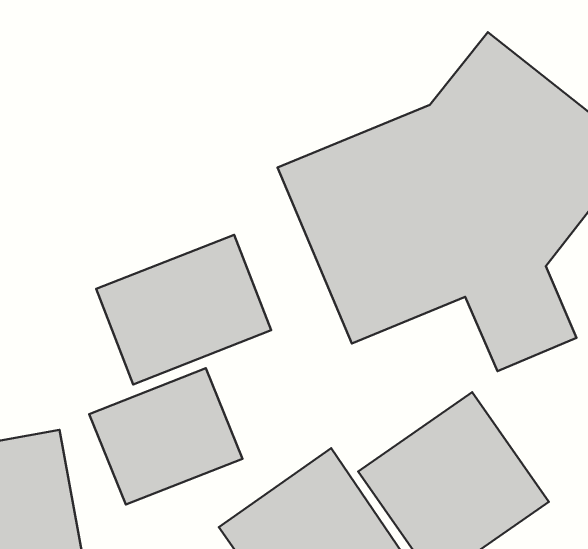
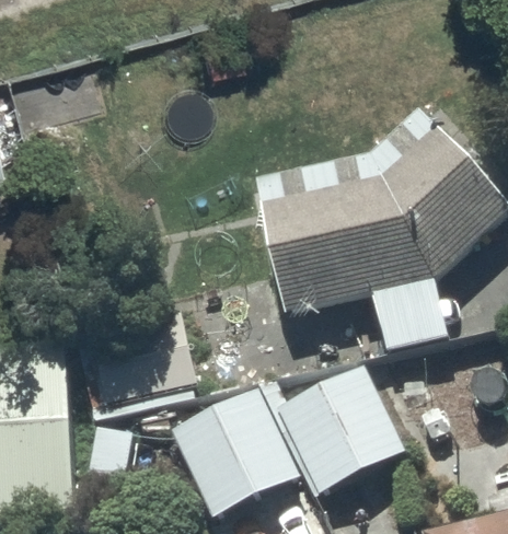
building: [96,235,271,384] -> none

